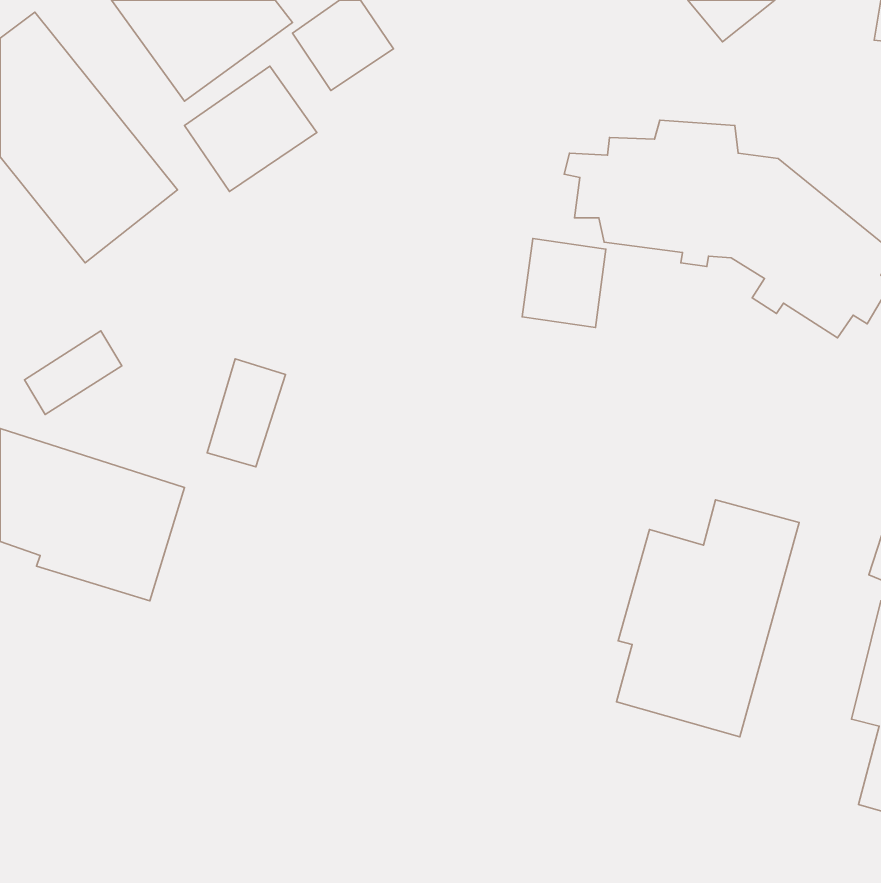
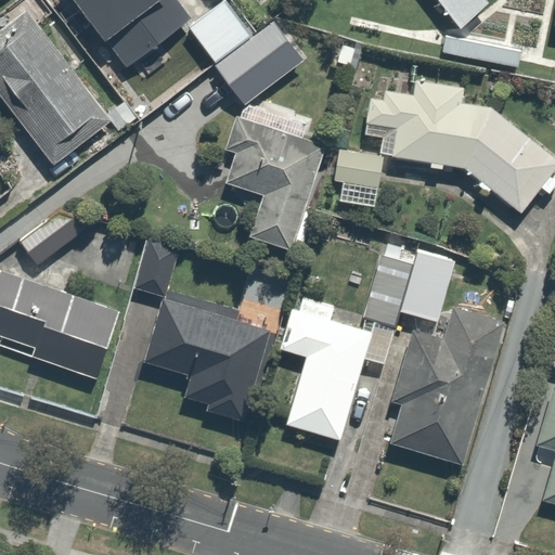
building: [184,66,317,192] -> [219,23,301,101]
building: none -> [219,117,326,250]
building: none -> [363,243,455,327]
building: none -> [144,300,267,420]
building: none -> [281,300,392,439]

